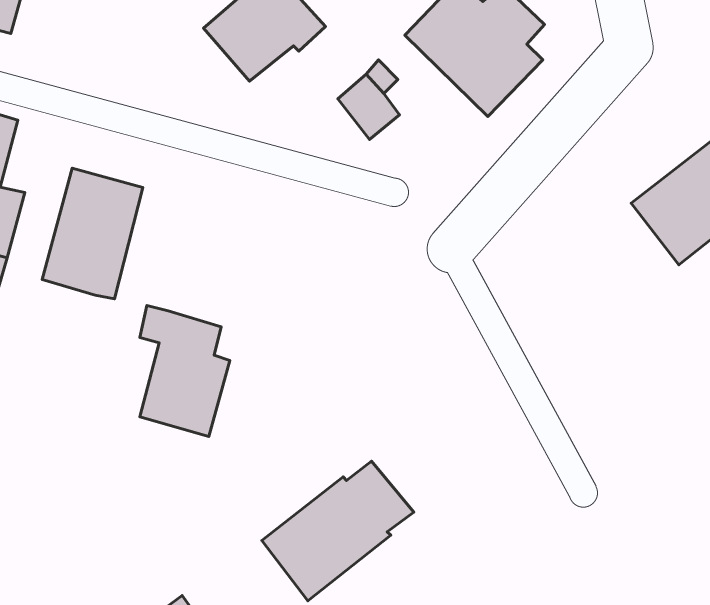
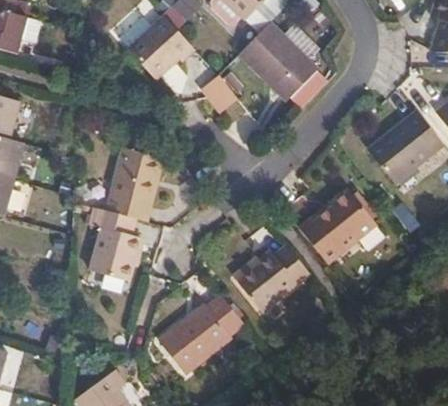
building: [42,168,143,299] -> [106,147,163,221]
building: none -> [299,190,377,265]
building: none -> [236,244,310,312]

